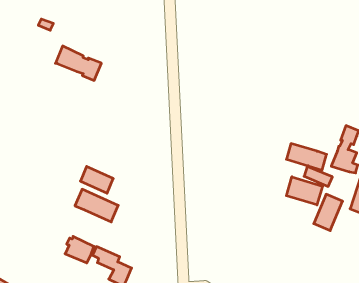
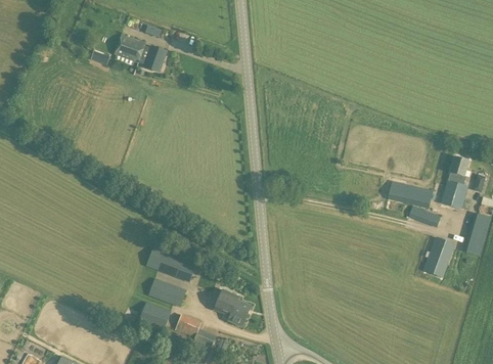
building: [55,46,101,80] -> [113,33,166,71]
building: [80,166,113,193] -> [147,277,185,307]
building: [286,177,322,205] -> none
building: none -> [213,291,252,326]

